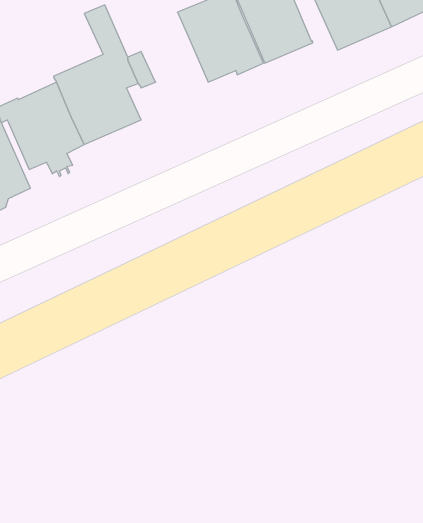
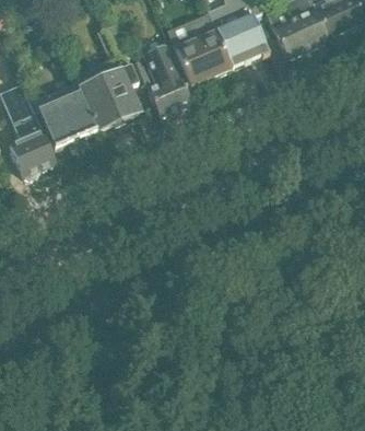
building: none -> [144,44,193,116]

